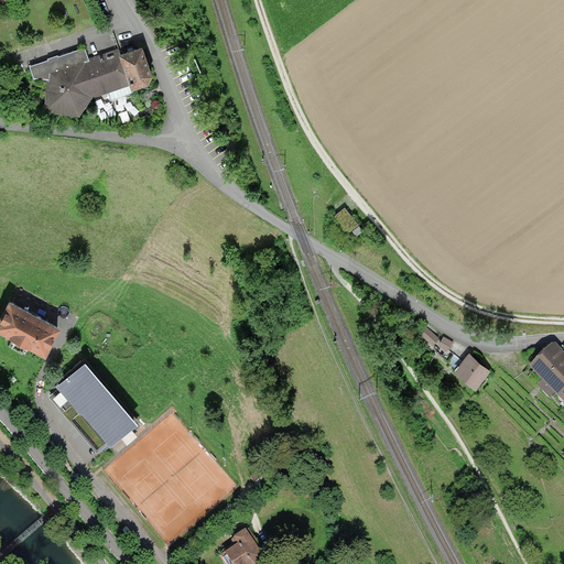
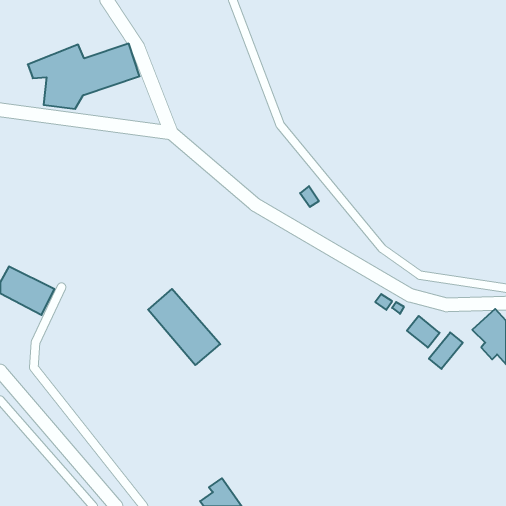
building: [55,360,135,445] -> [148,289,220,365]
building: none -> [429,332,463,369]

